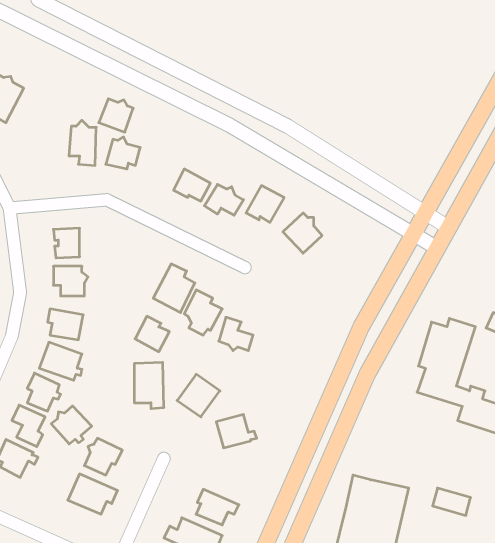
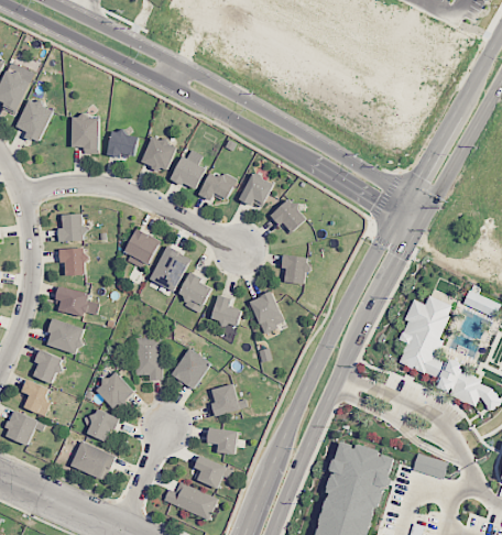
building: [99,99,133,132] -> [144,138,176,168]
building: none -> [18,98,55,142]
building: none -> [282,253,310,283]
building: none -> [248,291,282,334]
building: [135,316,169,352] -> [127,229,159,262]
building: [51,406,92,444] -> [97,372,134,407]
building: none -> [205,427,236,454]

